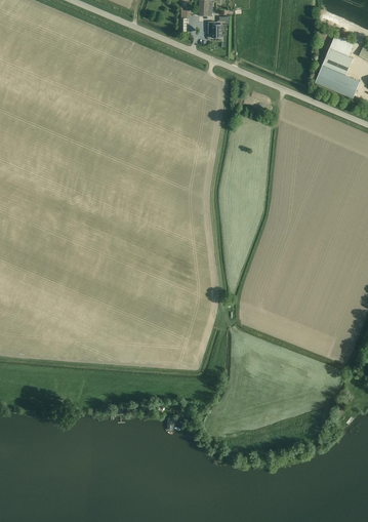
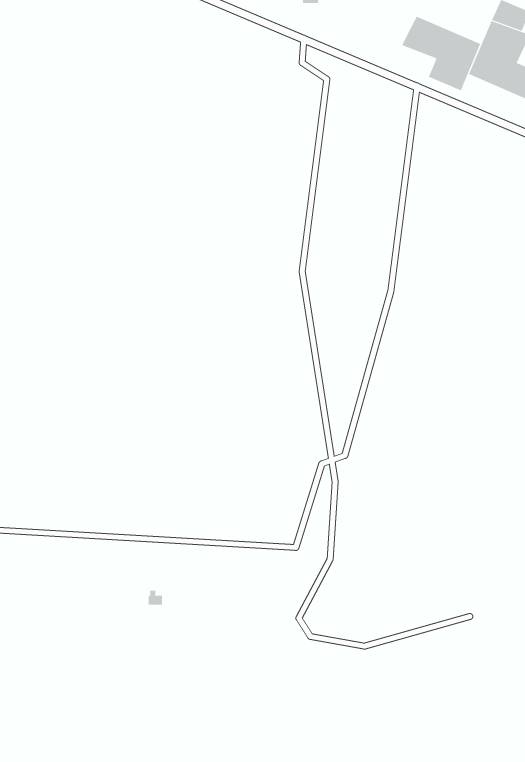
building: none -> [402,16,481,91]

